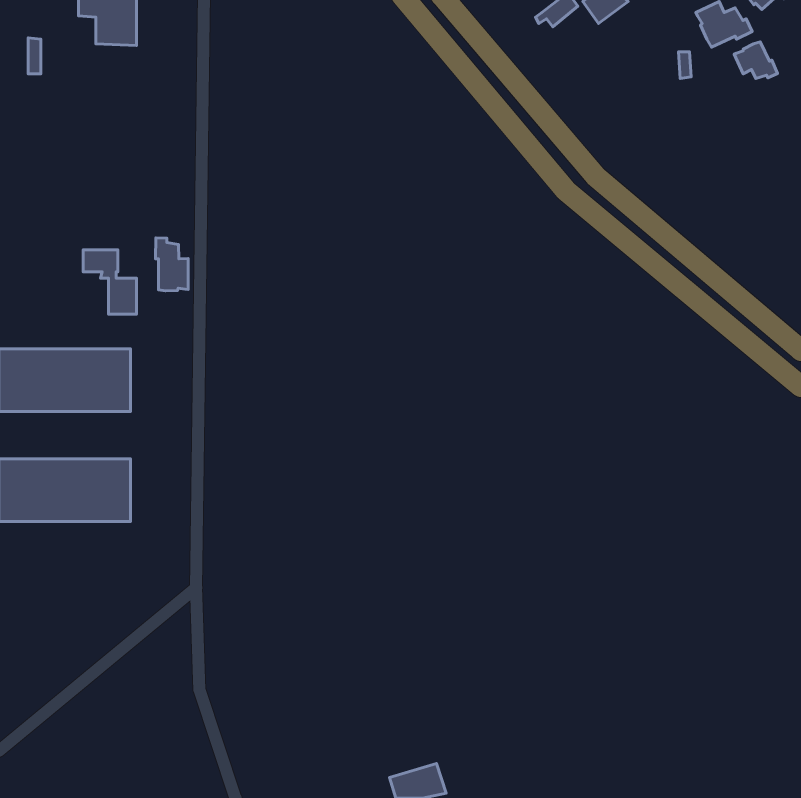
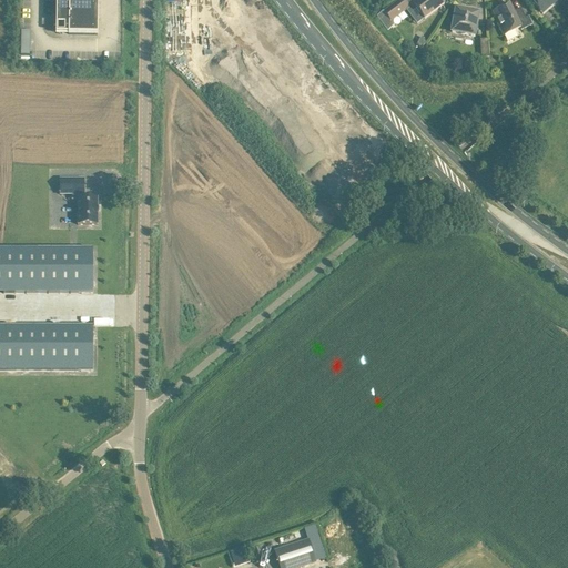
building: none -> [450,7,477,33]
building: [734,42,778,78] -> none
building: [156,238,188,291] -> none

